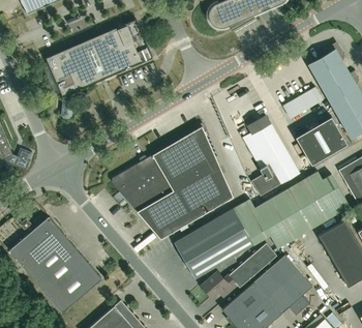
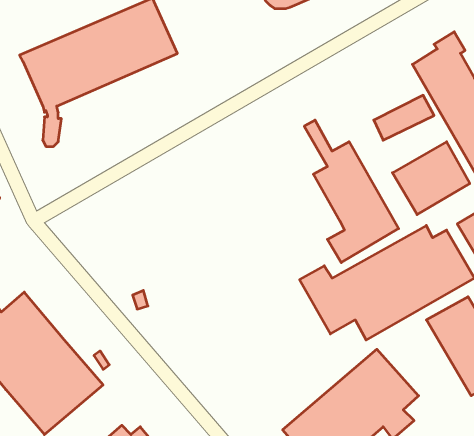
building: [112,126,233,238] -> none
building: [174,208,253,278] -> none
building: [201,243,276,297] -> none

